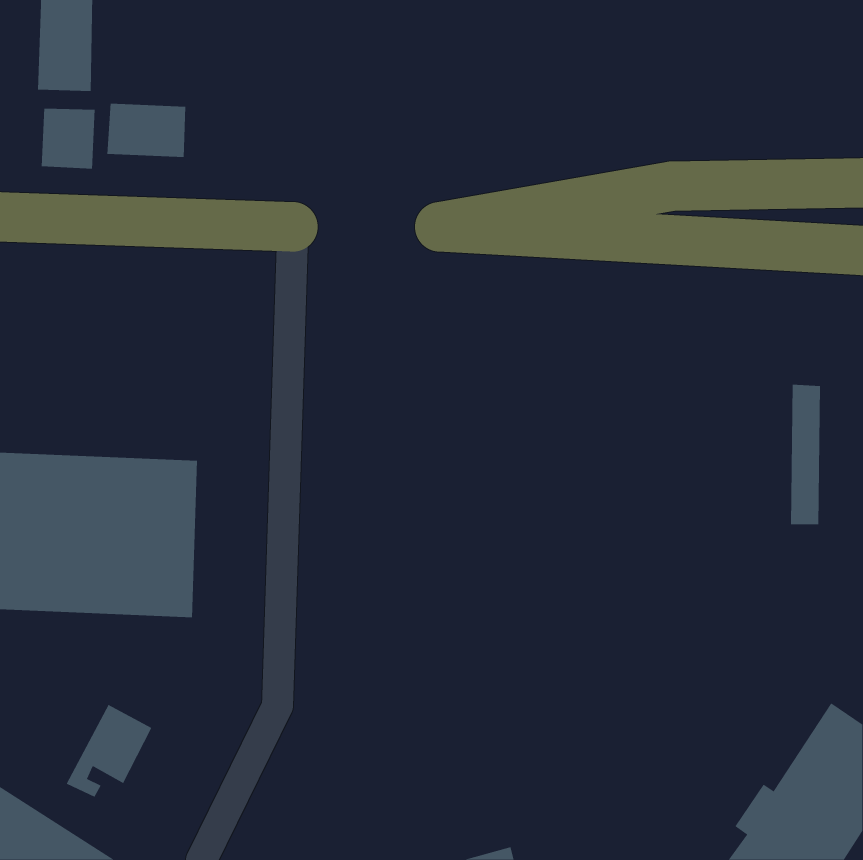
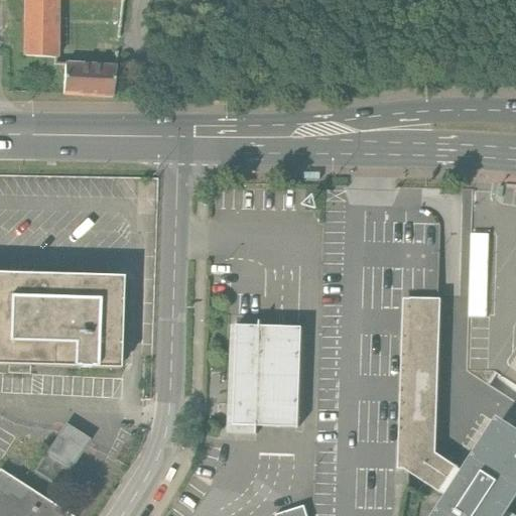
building: [41,108,95,169] -> none
building: none -> [402,298,455,492]
building: none -> [237,325,301,424]

